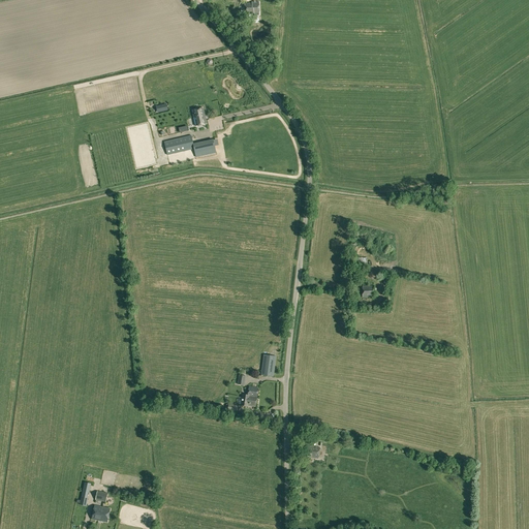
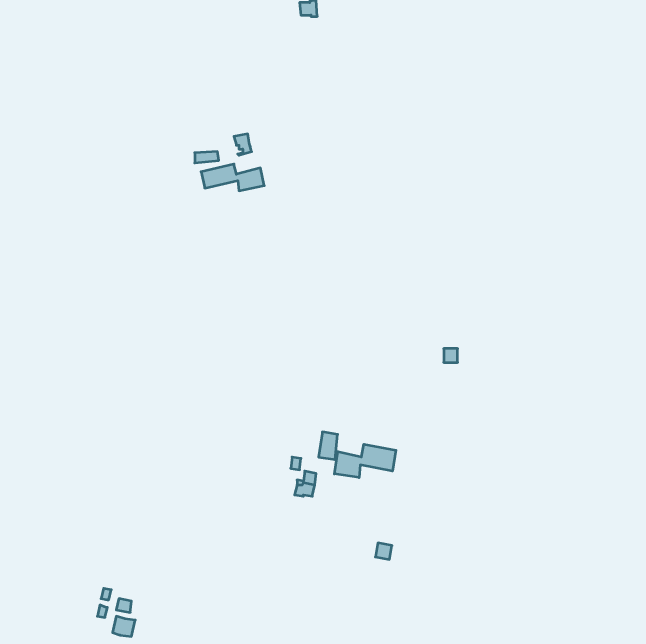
building: none -> [334,444,396,478]

